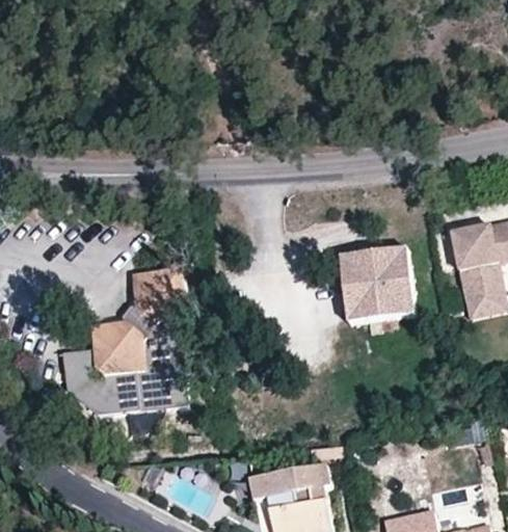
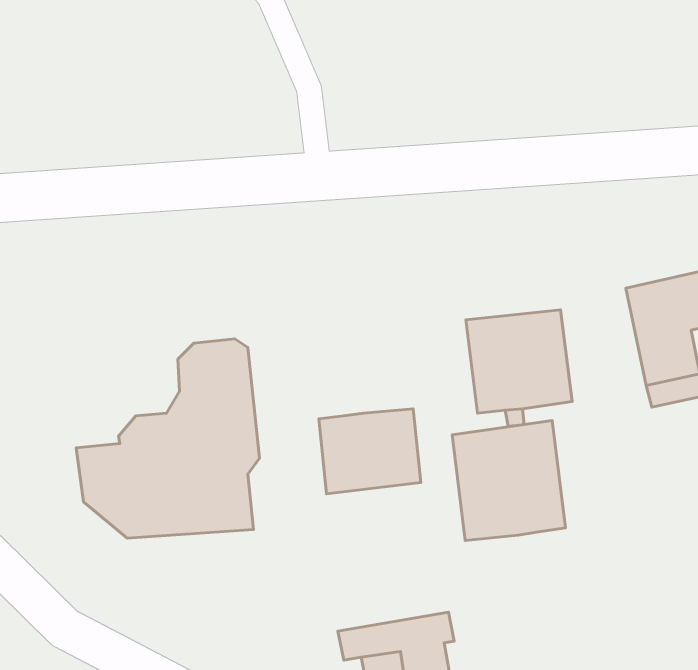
building: none -> [319,409,421,494]
building: none -> [452,421,566,541]

